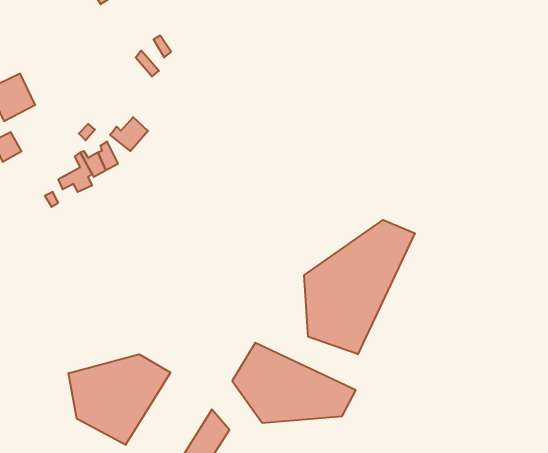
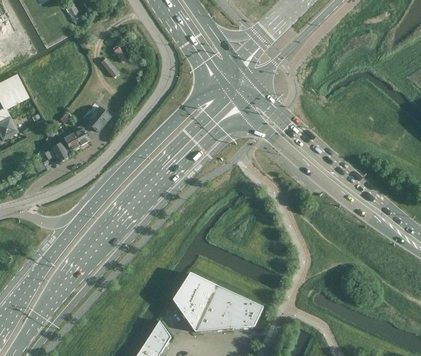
building: [304,220,415,354] -> none
building: [68,354,170,445] -> none

